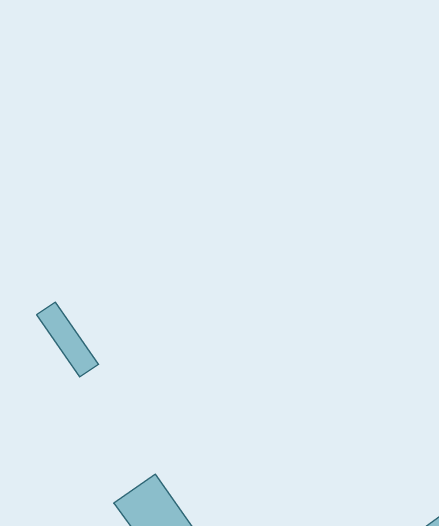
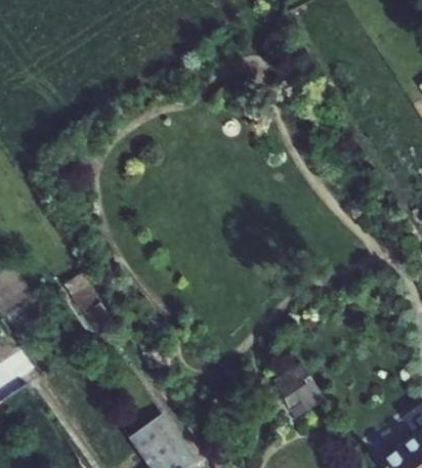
building: none -> [275,365,326,419]

